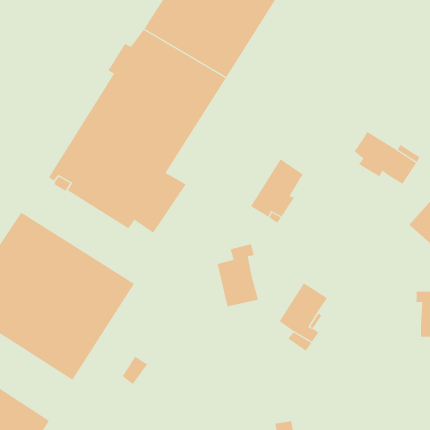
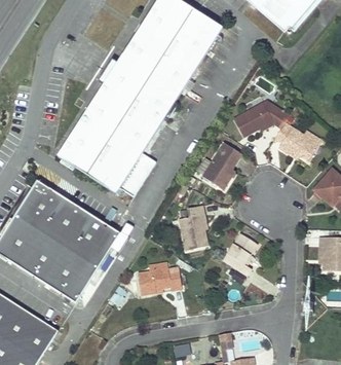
building: none -> [233,101,290,137]
building: none -> [137,266,182,294]

